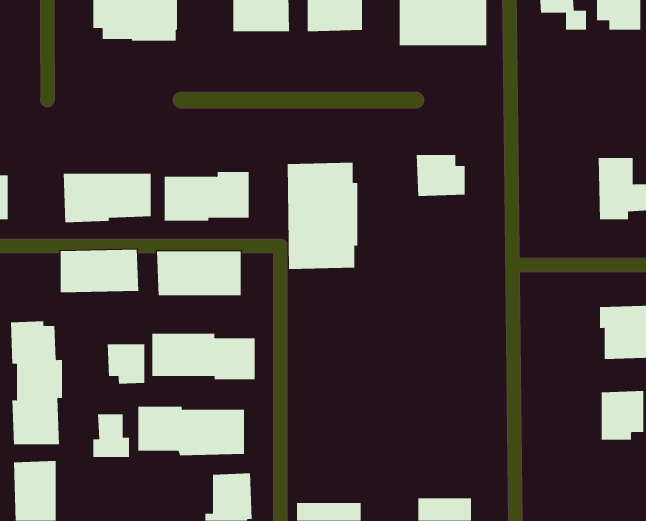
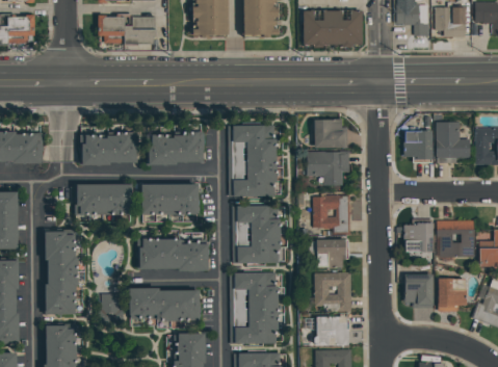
building: none -> [404,131,433,161]
building: none -> [307,151,349,185]
building: none -> [312,195,349,234]
building: none -> [232,205,281,263]
building: none -> [403,222,435,252]
building: none -> [316,239,345,268]
building: [107,344,145,384] -> none
building: none -> [314,272,352,312]
building: none -> [404,273,433,308]
building: none -> [234,274,283,343]
building: none -> [313,316,347,345]

